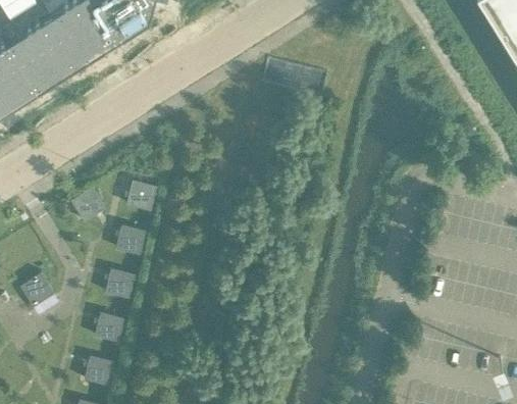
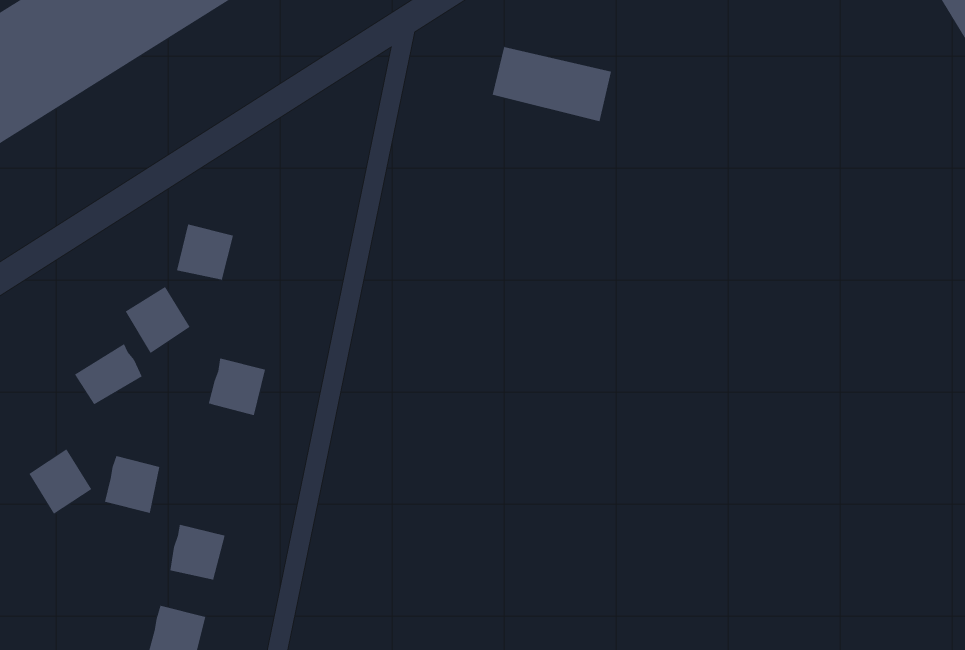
building: [126,181,157,210] -> [176,224,234,280]
building: none -> [74,343,142,405]
building: [105,268,135,299] -> [104,455,160,513]

